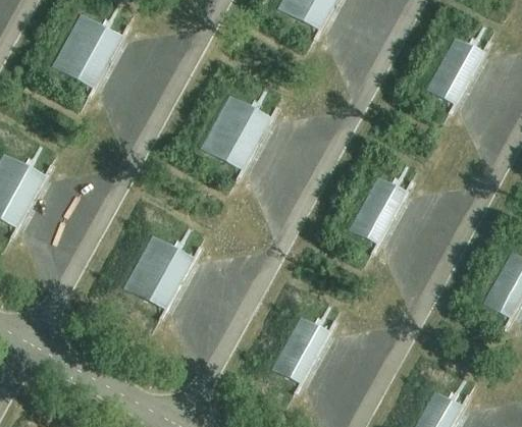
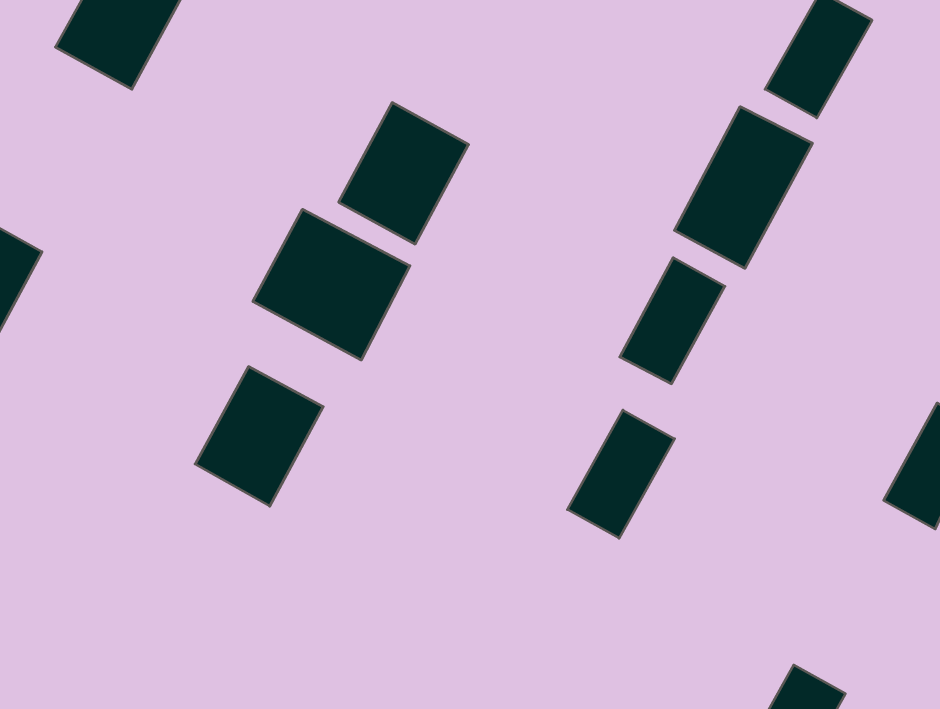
building: none -> [674,107,812,268]
building: none -> [253,209,410,360]
building: [271,316,328,384] -> [567,410,675,538]

